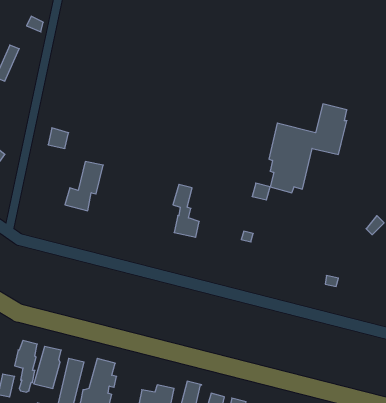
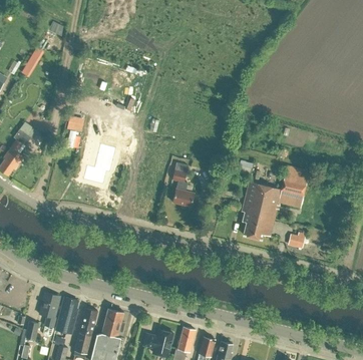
building: [269,104,347,193] -> [242,165,307,240]

